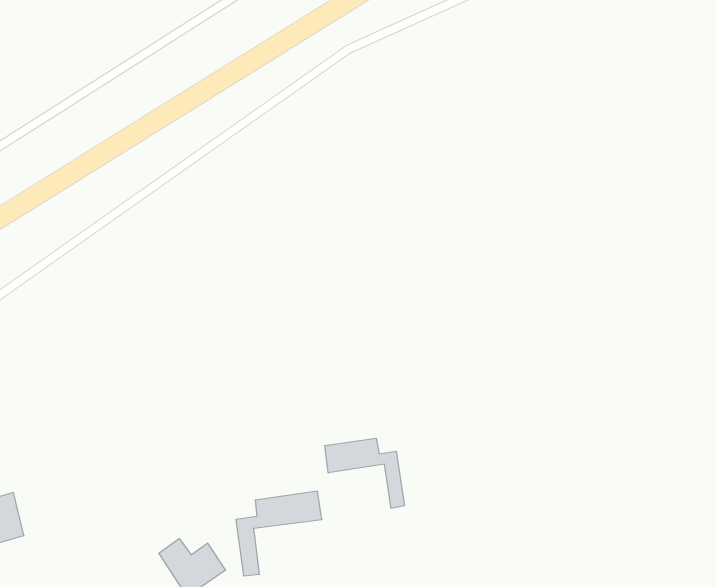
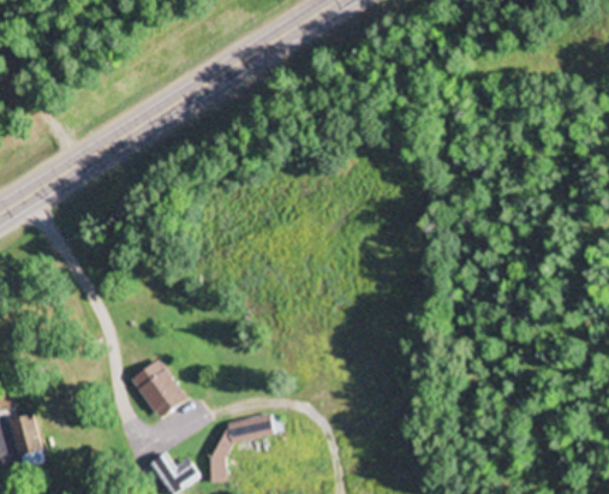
building: none -> [130,358,185,417]
building: [325,438,404,508] -> none

